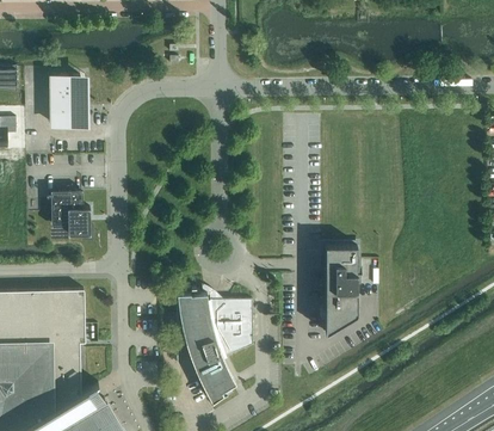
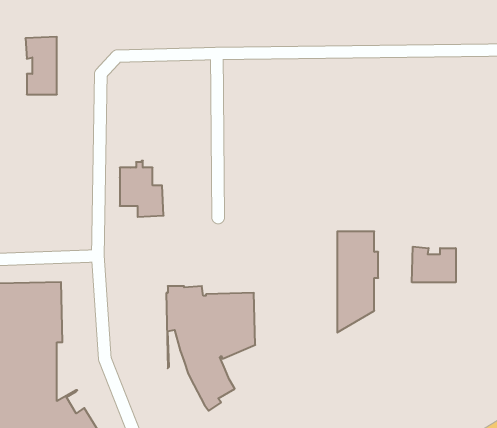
building: [53,189,91,238] -> [120,161,164,217]
building: none -> [412,247,456,282]

